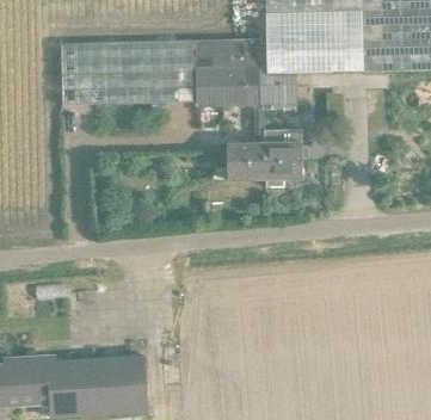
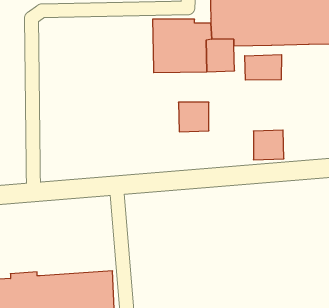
building: [60,39,195,105] -> none
building: none -> [245,55,282,80]
building: [264,142,302,179] -> [253,130,284,160]

